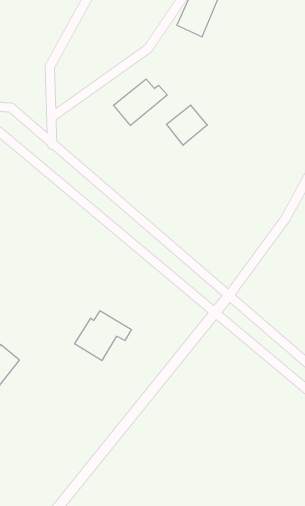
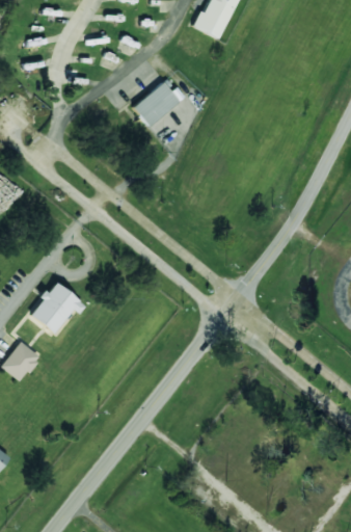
building: [167,105,207,145] -> none
building: [75,311,132,361] -> [29,285,85,334]

